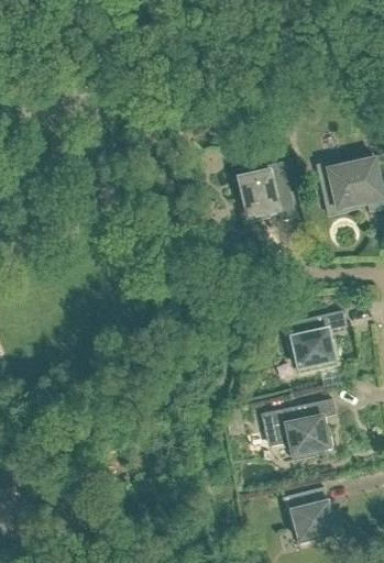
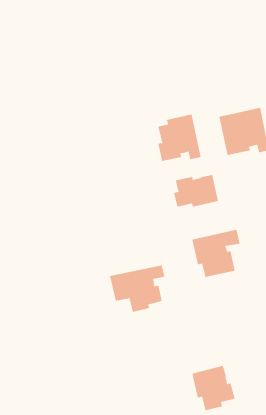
building: none -> [174,174,218,208]
building: [263,397,336,459] -> [109,265,165,312]

